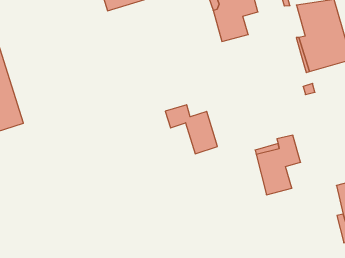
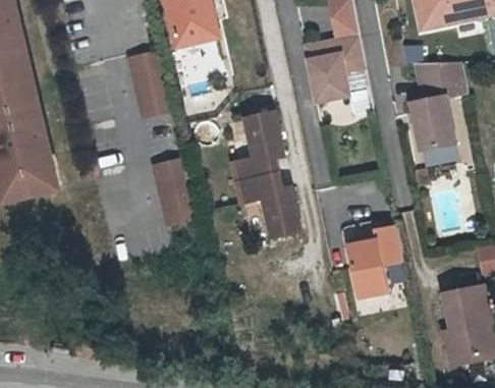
building: none -> [123,52,167,120]
building: none -> [233,112,282,182]
building: none -> [151,158,194,225]

